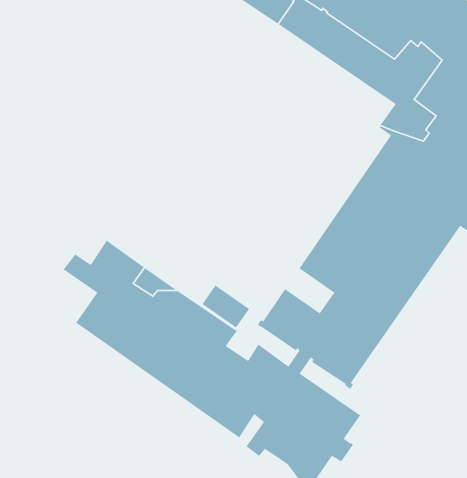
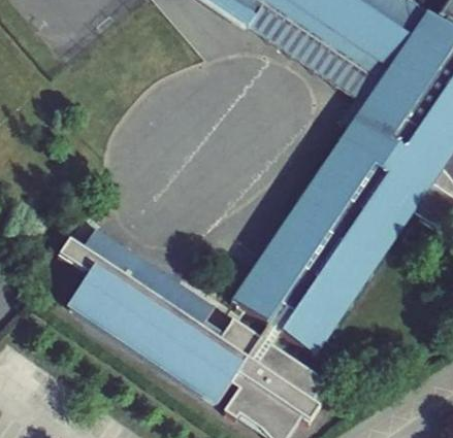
building: [201,285,250,329] -> [257,249,300,289]

